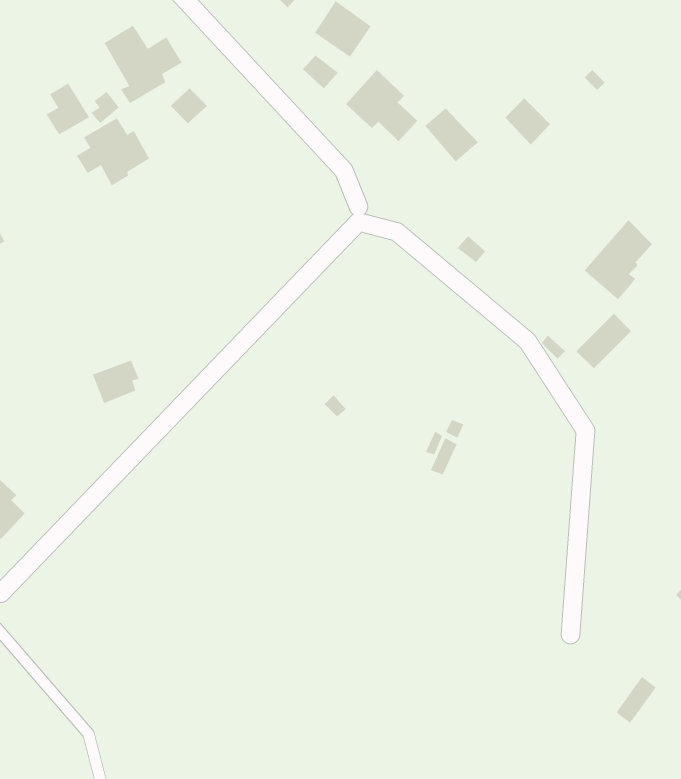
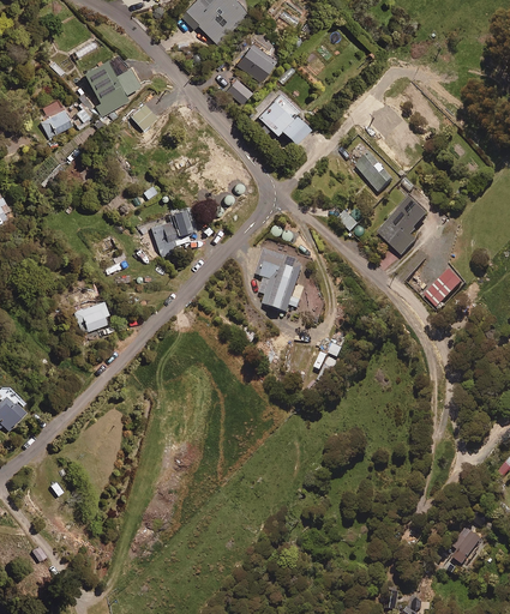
building: [424,108,479,162] -> [355,151,395,191]
building: [76,117,150,187] -> none
building: [583,219,653,300] -> [378,195,428,254]
building: none -> [150,205,192,257]
building: none -> [256,248,304,312]

